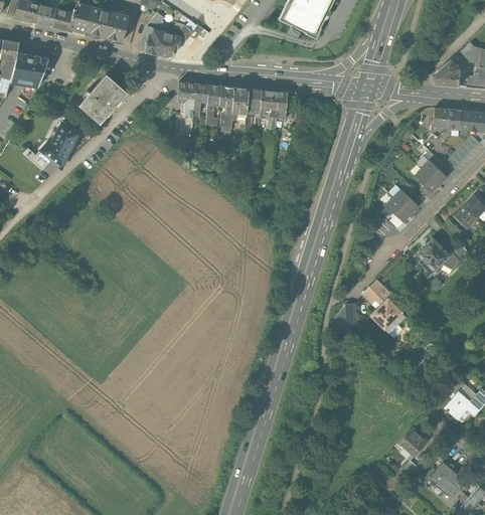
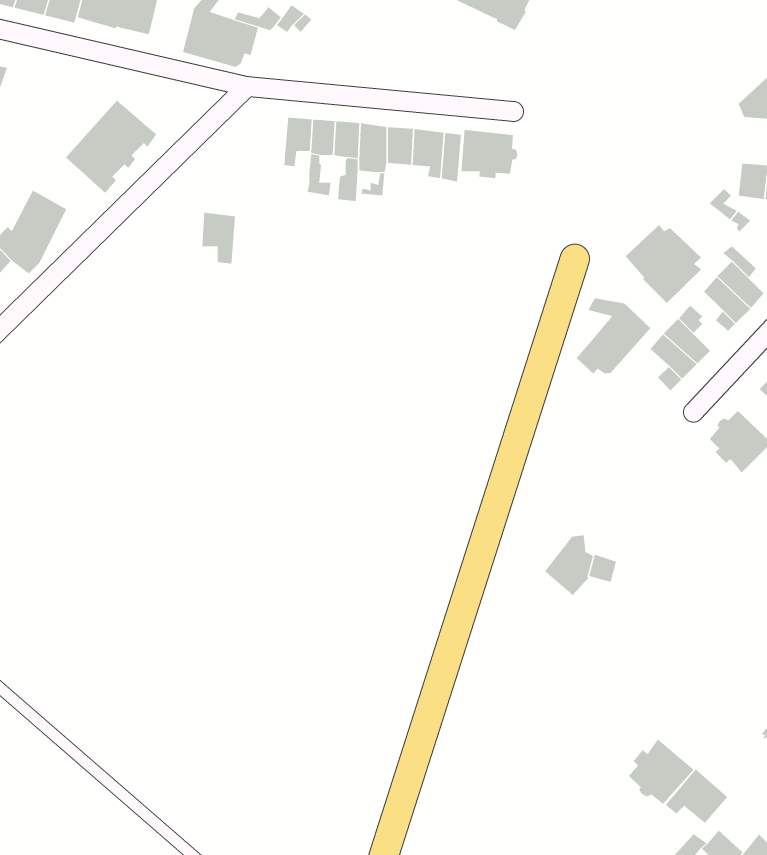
building: [177,82,195,110] -> [201,212,236,264]
building: none -> [461,129,518,179]
building: none -> [625,224,702,304]
building: none -> [576,297,651,375]
building: [361,280,405,333] -> none
building: none -> [628,739,695,805]

